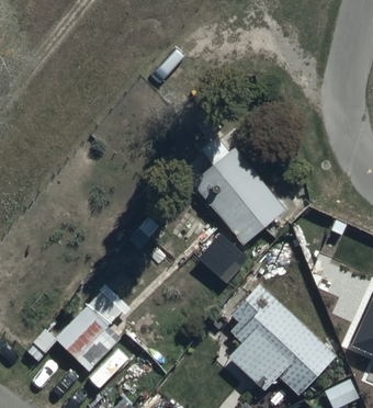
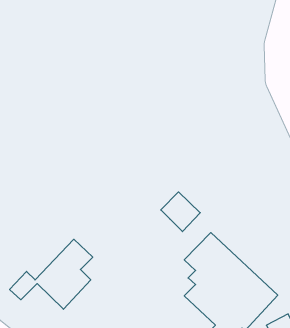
building: [191,140,284,246] -> none

